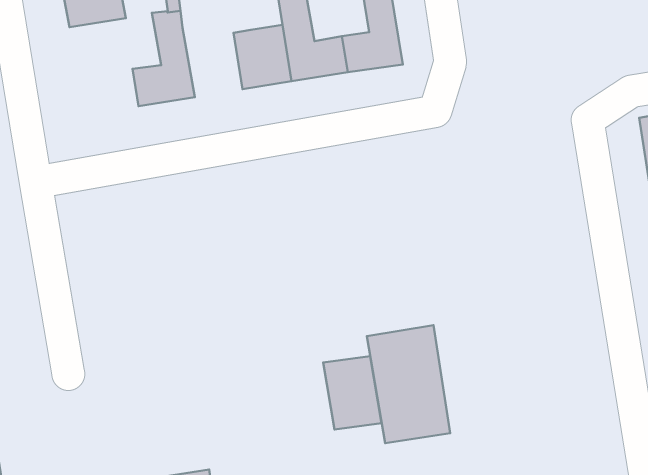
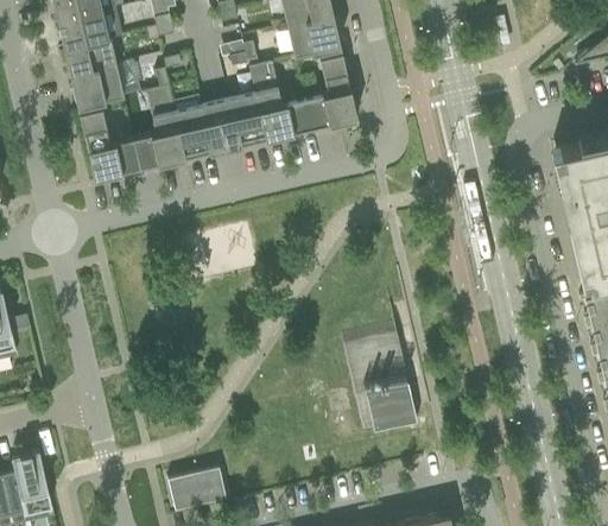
building: none -> [172,94,226,158]
building: none -> [80,108,140,179]
building: [323,356,382,430] -> none

